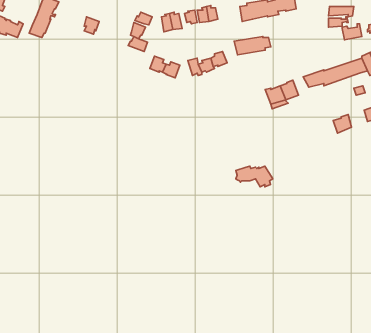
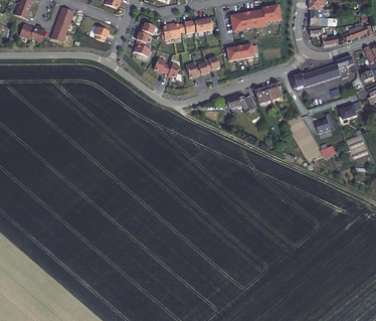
building: [236,166,273,187] -> [226,97,258,115]

